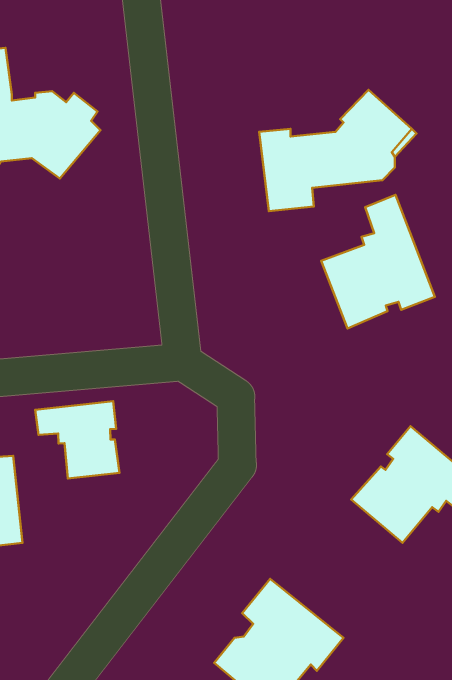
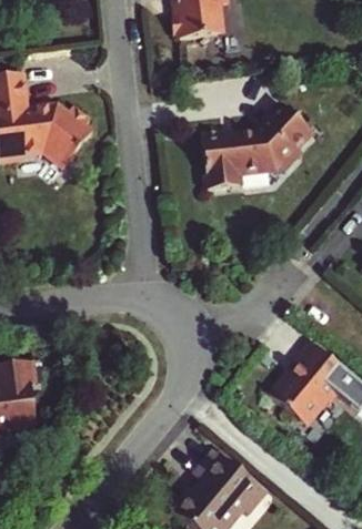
building: [321,195,435,329] -> none
building: [35,401,120,478] -> none

